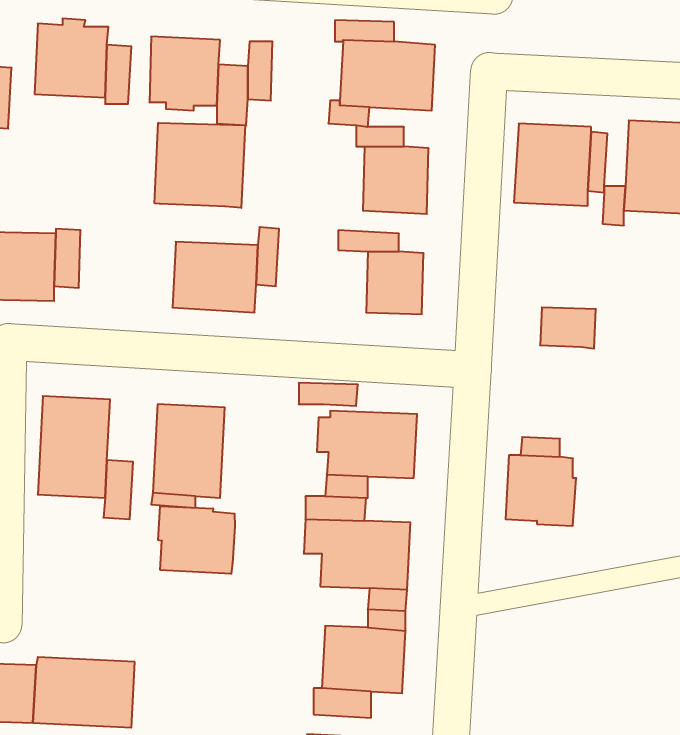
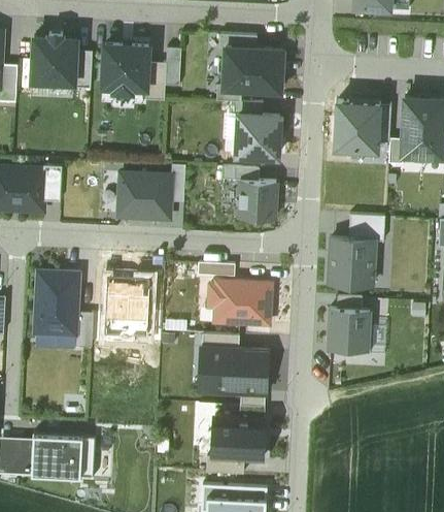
building: [155,123,245,208] -> none
building: none -> [329,239,374,286]
building: [158,506,235,574] -> none

